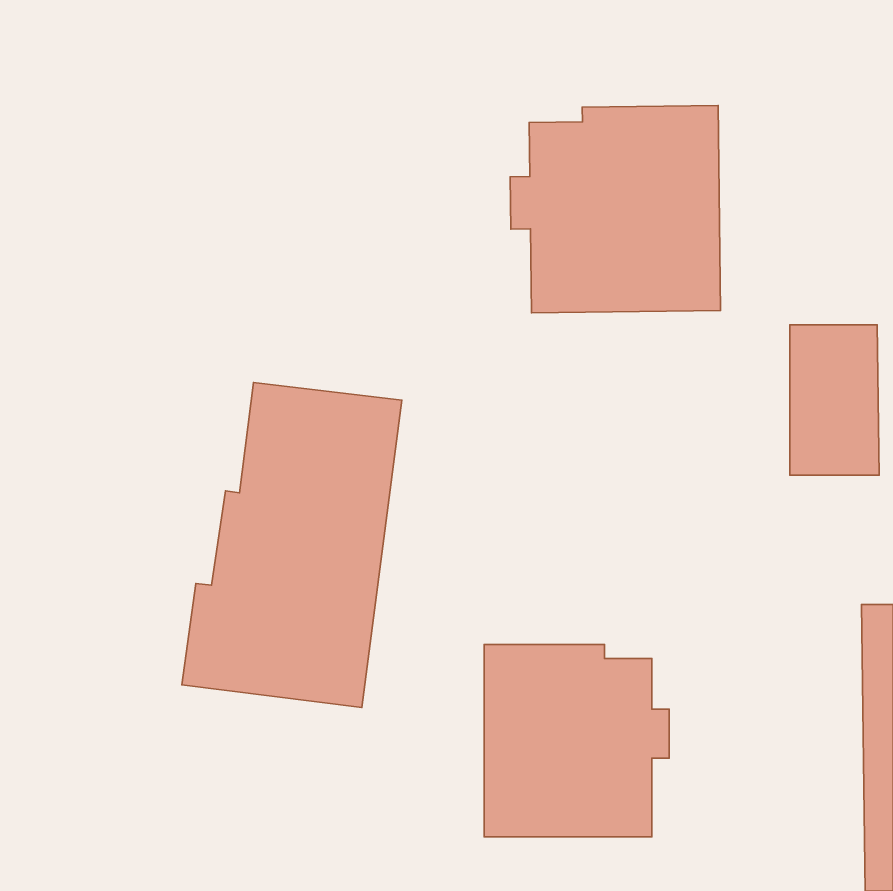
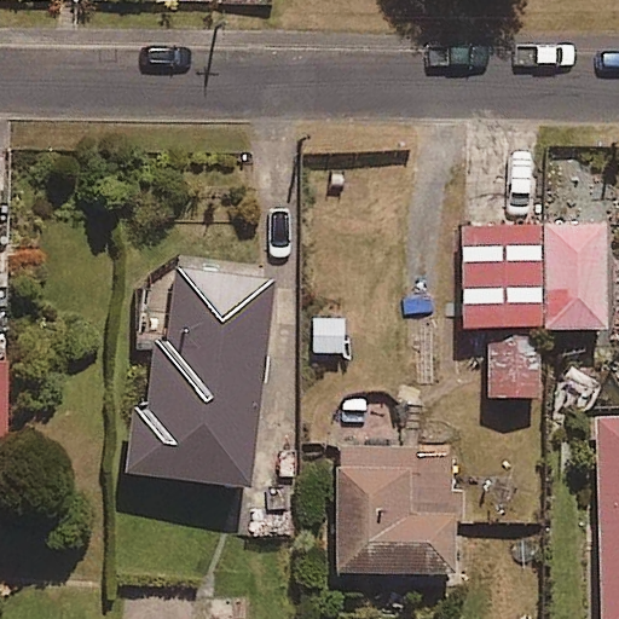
building: [510,105,721,313] -> none
building: none -> [465,225,548,395]

